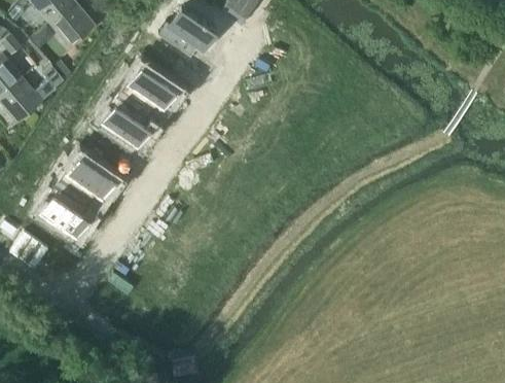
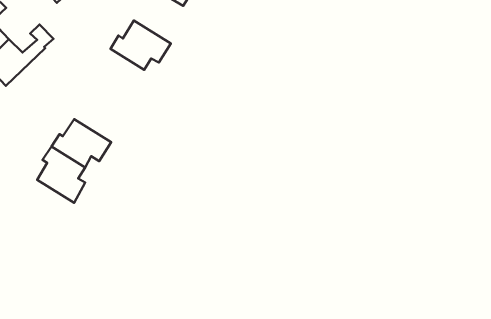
building: [104,92,150,145] -> none

